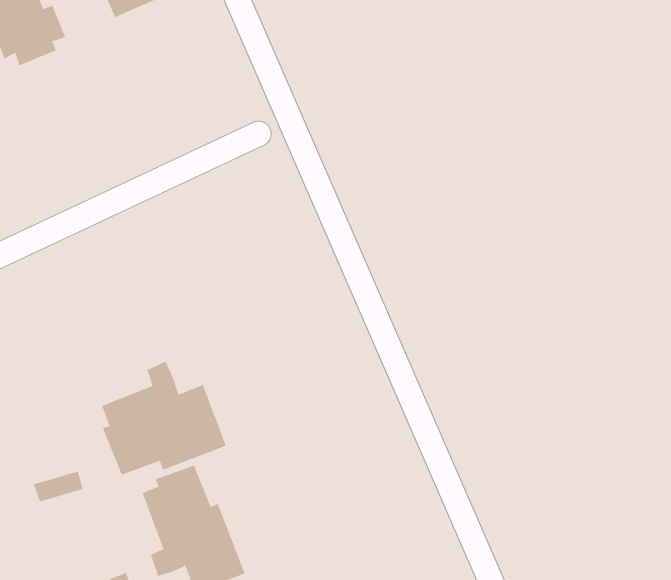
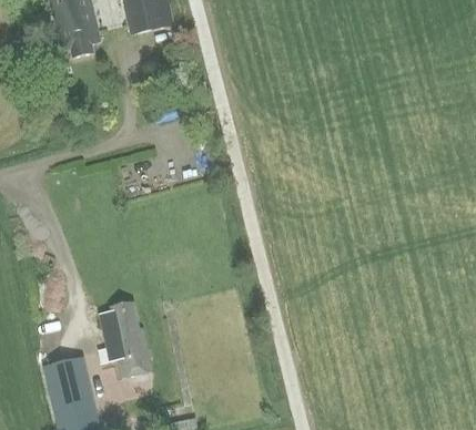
building: [102,361,227,476] -> none

